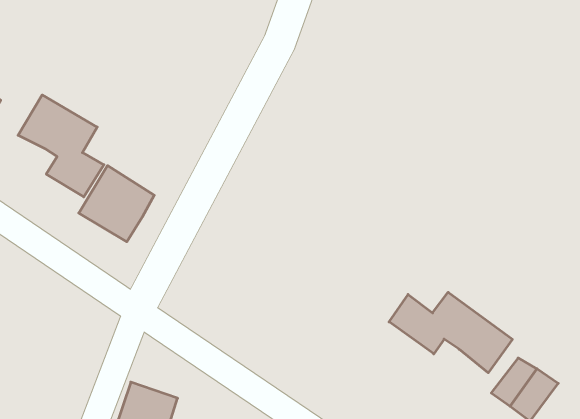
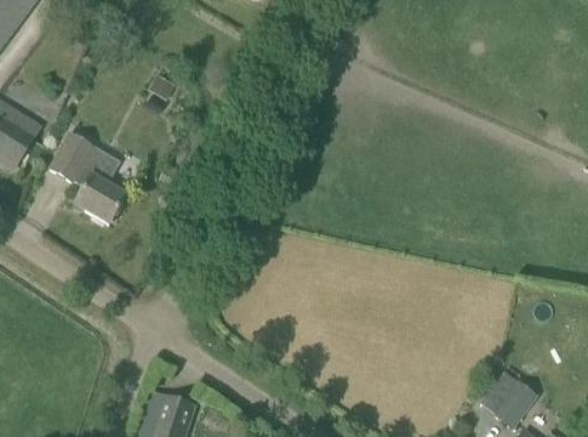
building: [79,166,154,242] -> none
building: [389,292,512,373] -> none

